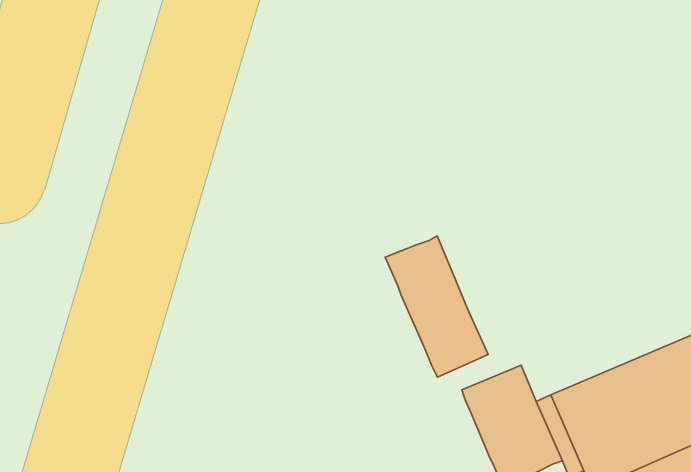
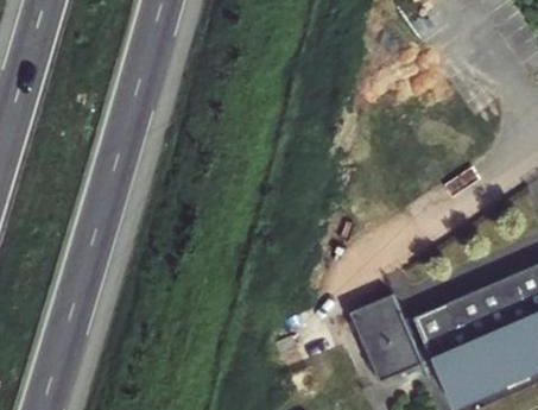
building: [385,236,488,377] -> none

